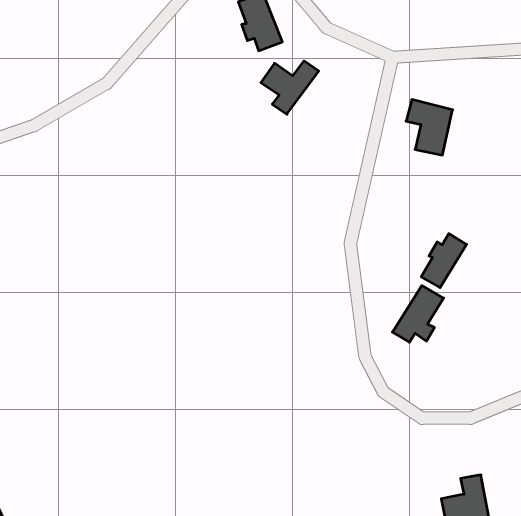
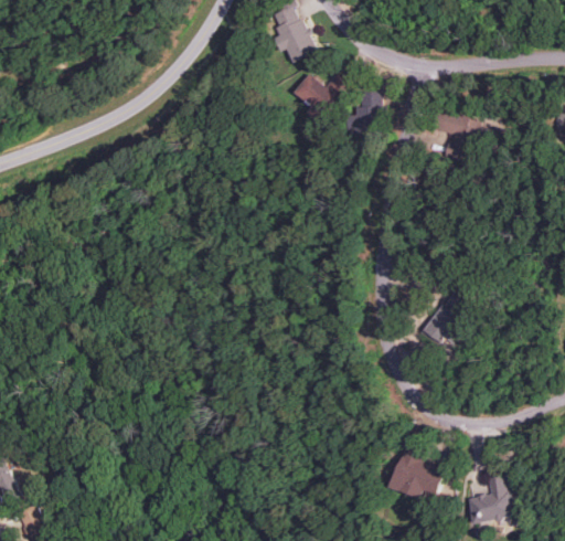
building: none -> [347,91,379,132]
building: [421,234,467,288] -> none
building: none -> [390,438,444,500]

